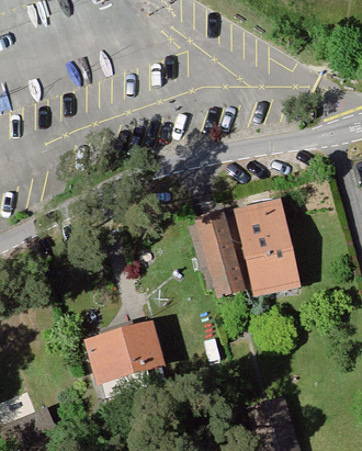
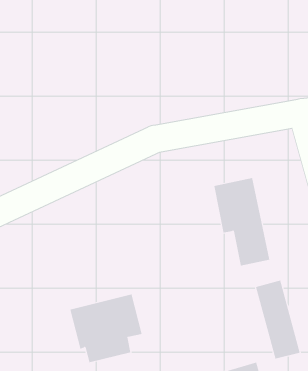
building: [195,210,244,294] -> [255,280,300,359]

